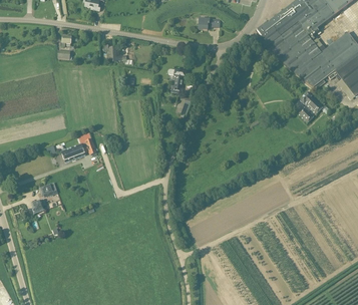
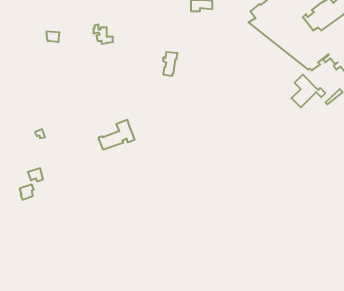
building: [61,132,96,162] -> [99,120,135,150]

